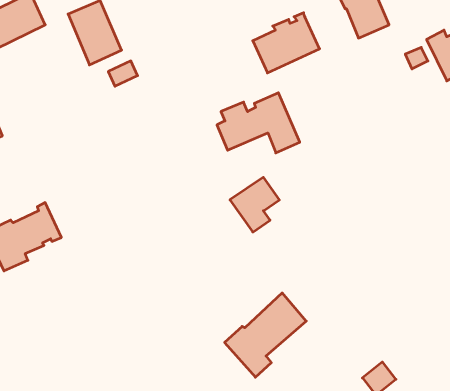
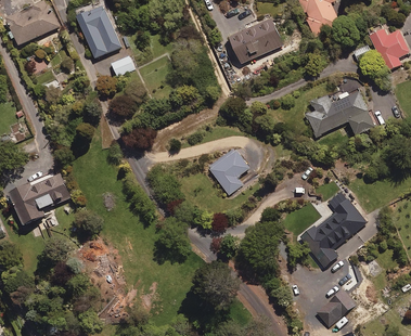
building: [217,93,300,153] -> [306,88,373,137]
building: [225,293,306,377] -> [300,198,367,267]

